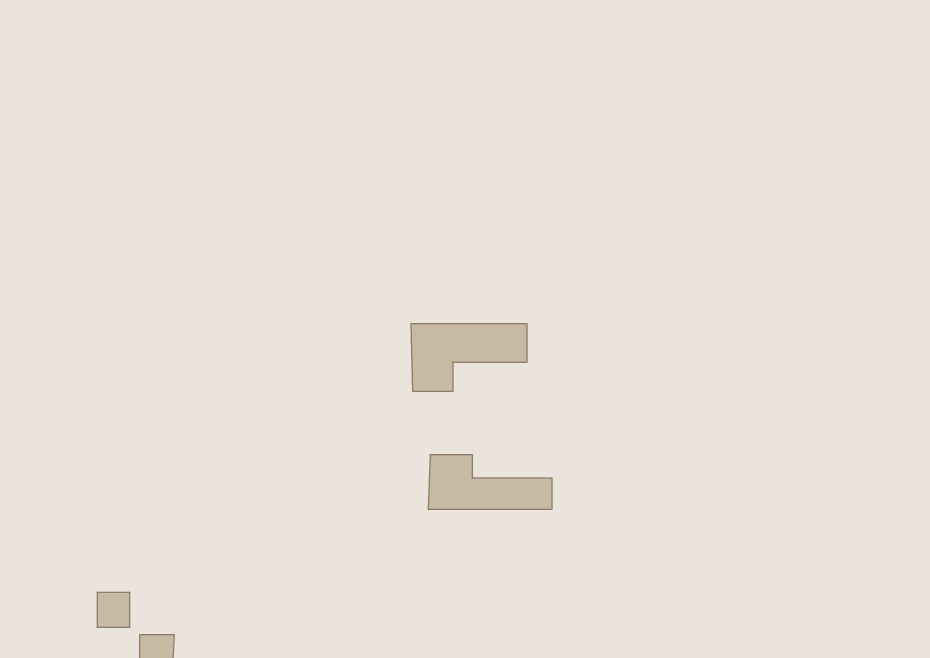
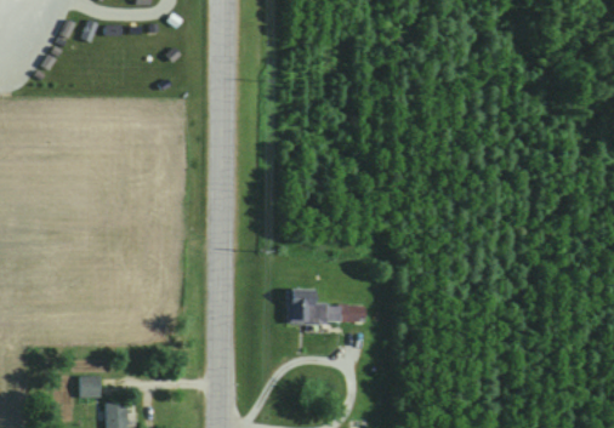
building: [411,324,527,392] -> none

